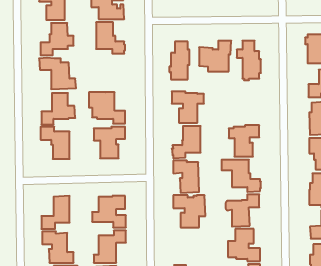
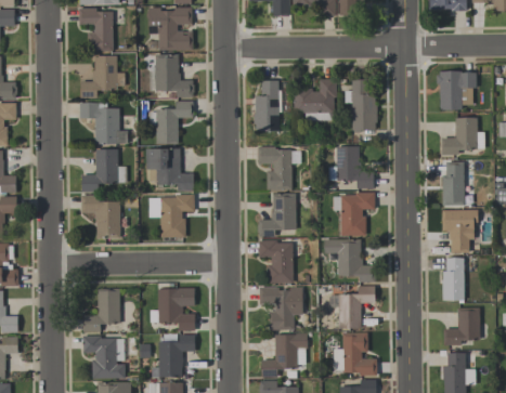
building: none -> [150,101,193,144]
building: none -> [328,146,374,188]
building: none -> [260,333,307,377]

